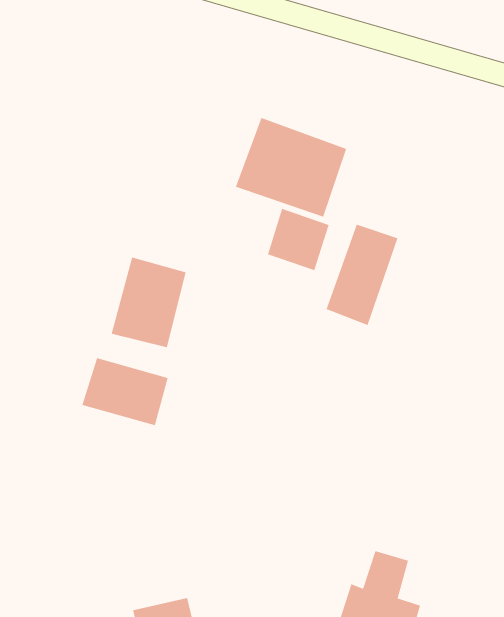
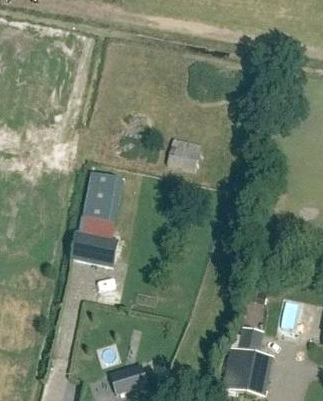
building: [235,117,347,218] -> none
building: [326,224,398,326] -> none

